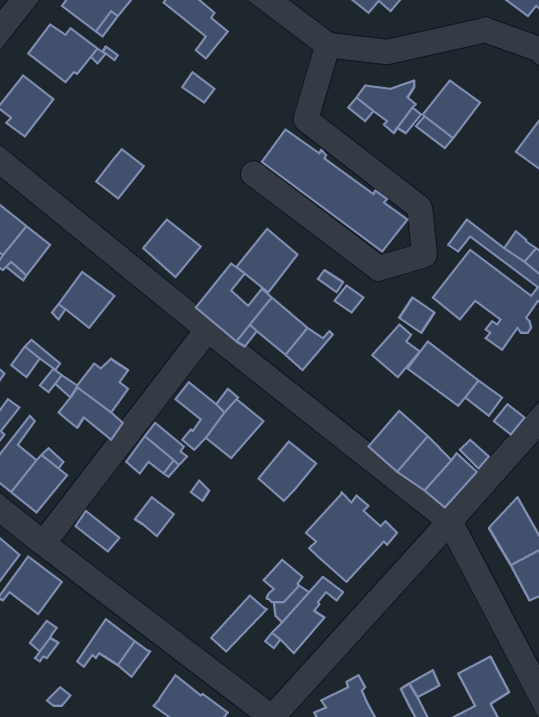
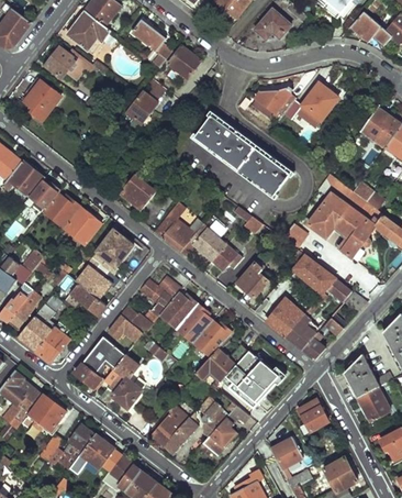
building: none -> [167,45,202,79]
building: [96,149,144,198] -> [125,92,156,124]
building: [237,229,297,292] -> none
building: none -> [44,191,77,226]
building: none -> [92,225,133,273]
building: [372,325,420,377] -> [236,263,267,297]
building: none -> [176,305,213,342]
building: none -> [196,345,247,388]
building: none -> [81,347,124,380]
building: none -> [107,372,142,407]
building: none -> [298,398,328,431]
building: none -> [150,405,191,445]
building: none -> [59,422,94,467]
building: none -> [270,435,302,467]
building: none -> [103,454,139,486]

